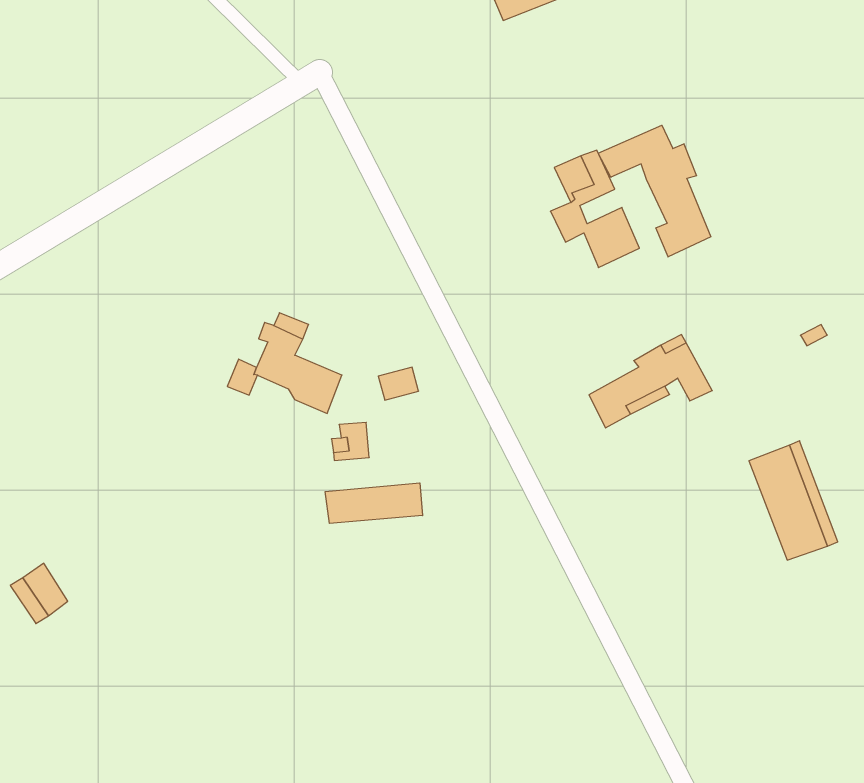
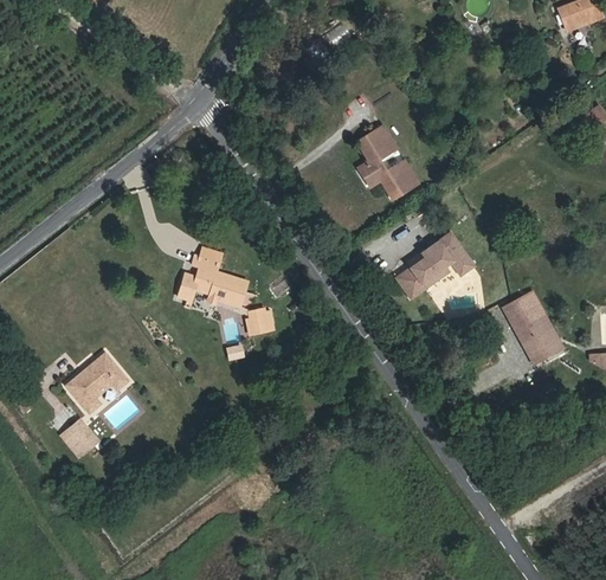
building: [598,125,711,257] -> none
building: none -> [64,357,125,418]
building: [325,483,423,523] -> none

